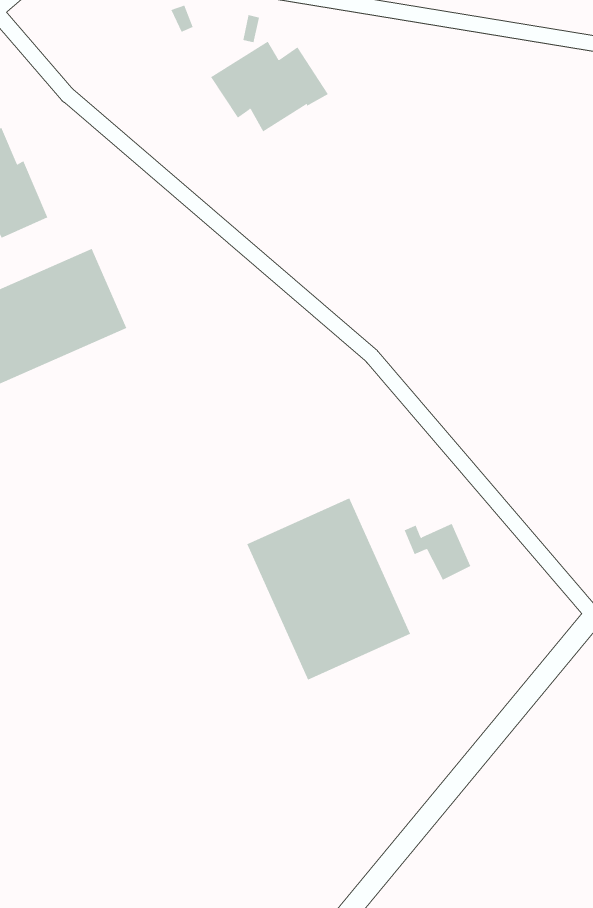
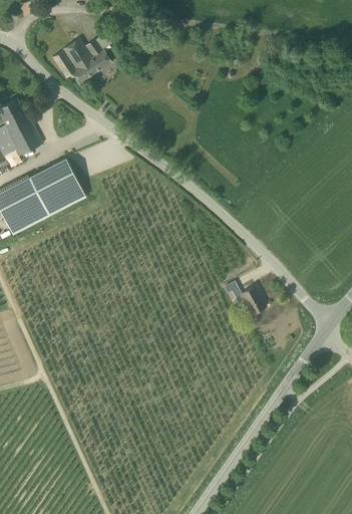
building: [210,41,329,132] -> [51,38,111,84]
building: [246,498,411,680] -> none

